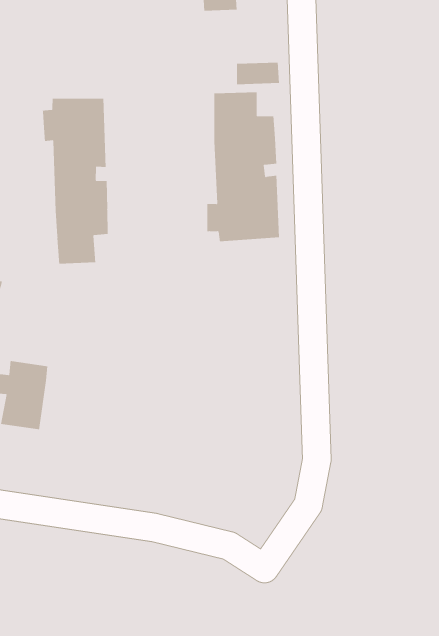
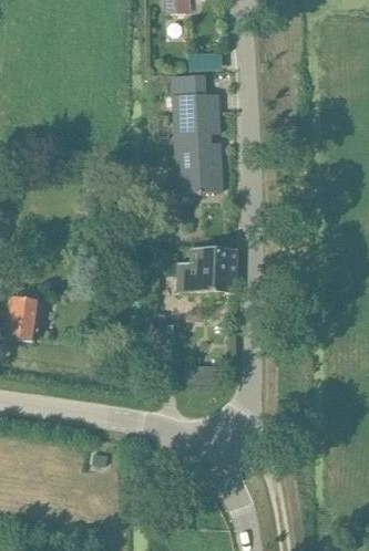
building: [42,98,108,265] -> none
building: none -> [152,247,236,292]

